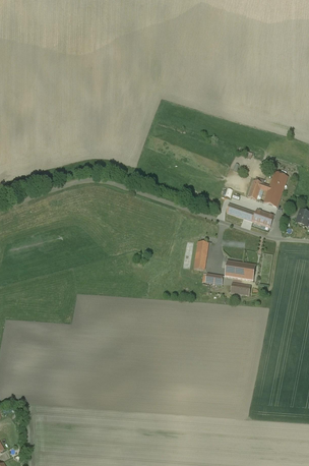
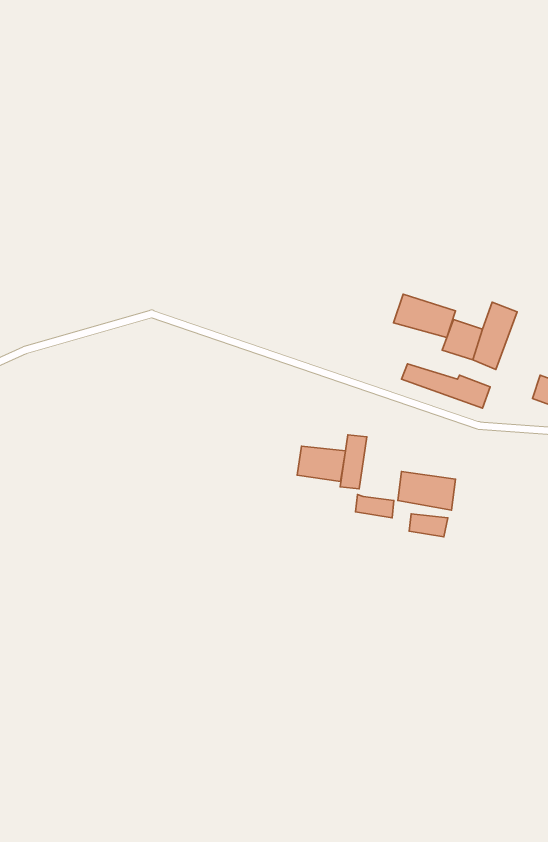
building: none -> [394,294,455,338]
building: none -> [297,446,345,482]

